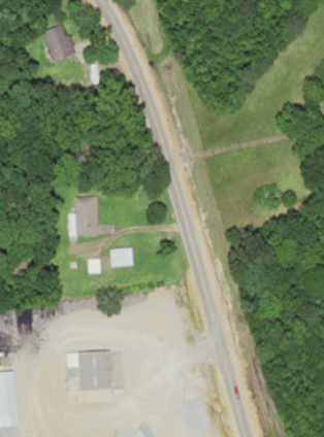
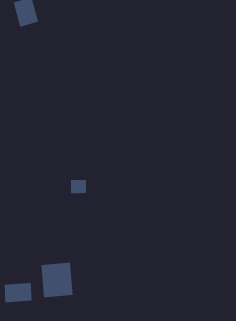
building: [72,196,97,235] -> none
building: none -> [4,282,32,303]

